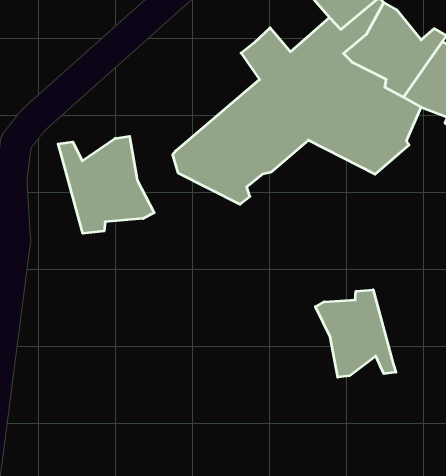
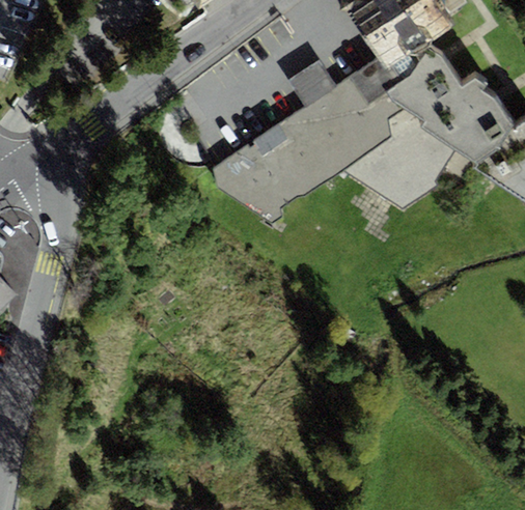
building: [58,136,154,233] -> none
building: [315,290,396,377] -> none

